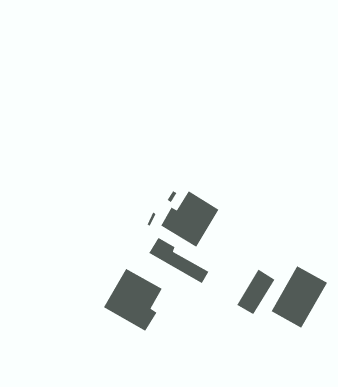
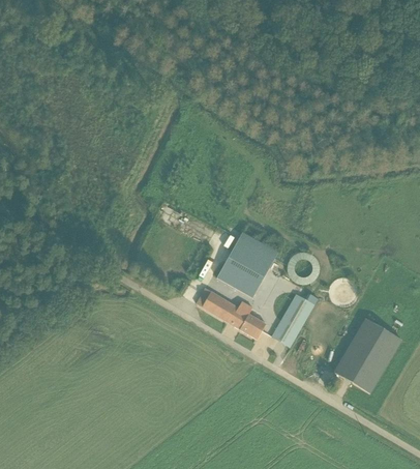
building: [103,268,163,332] -> none
building: [236,269,275,315] -> [269,293,313,346]

